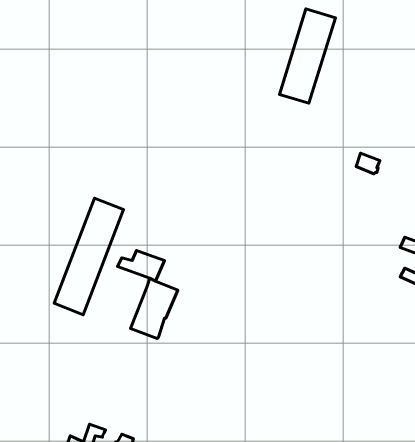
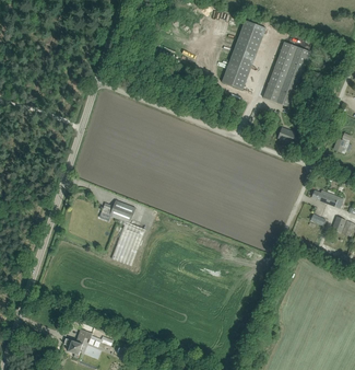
building: none -> [265,42,312,107]
building: [54,198,124,315] -> none

